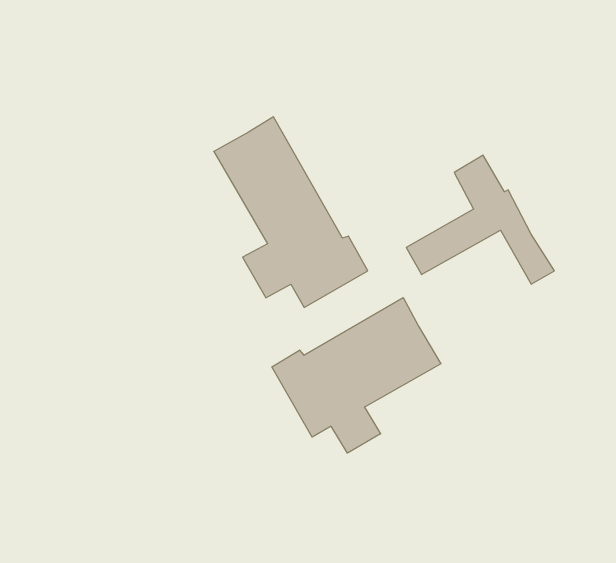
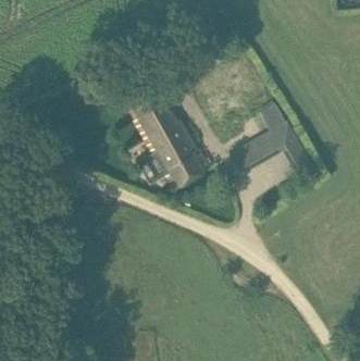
building: [272,298,441,453] -> none

